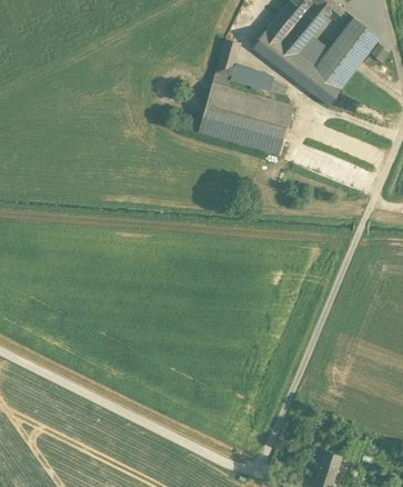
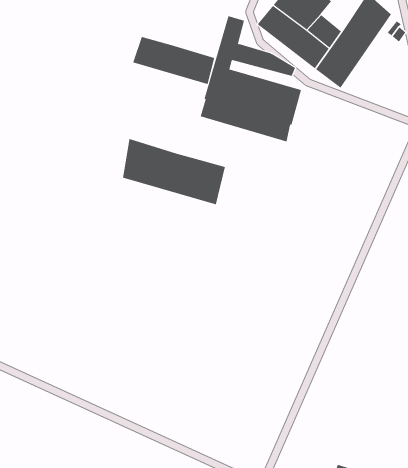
building: none -> [132,36,215,85]
building: none -> [123,138,226,205]

